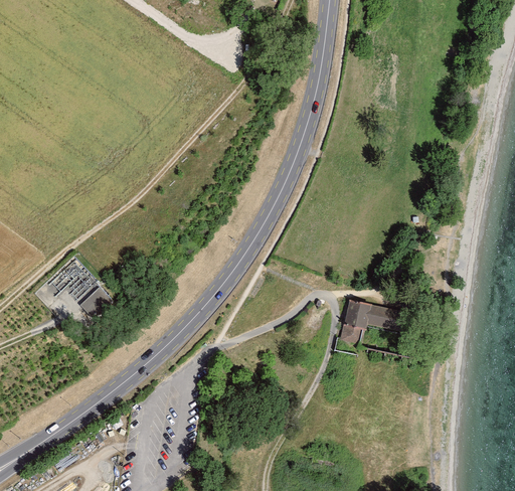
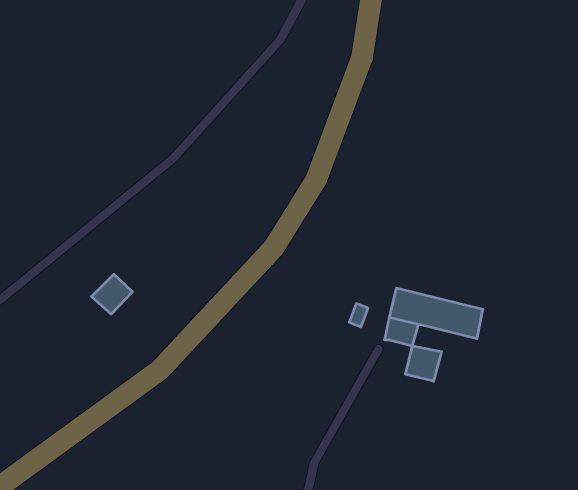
building: none -> [406,346,442,381]

